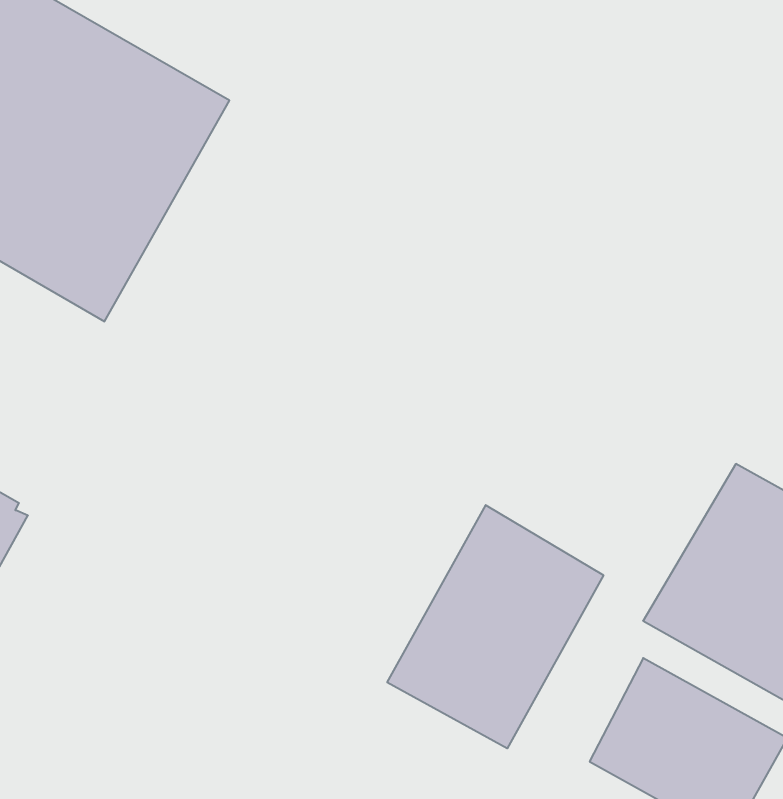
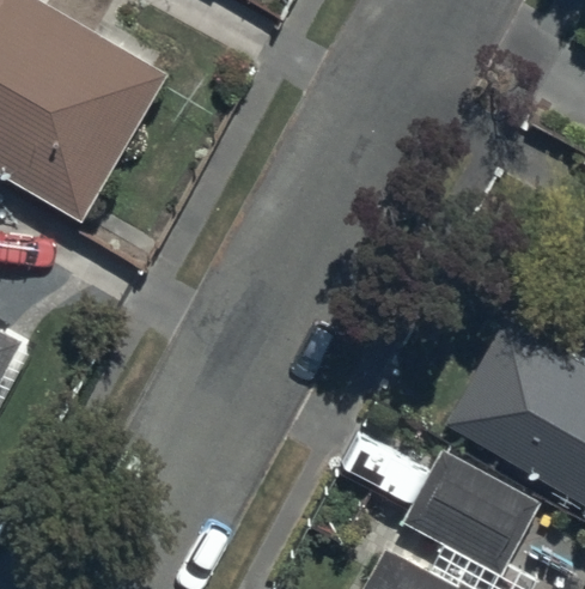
building: [387,505,603,748] -> none

